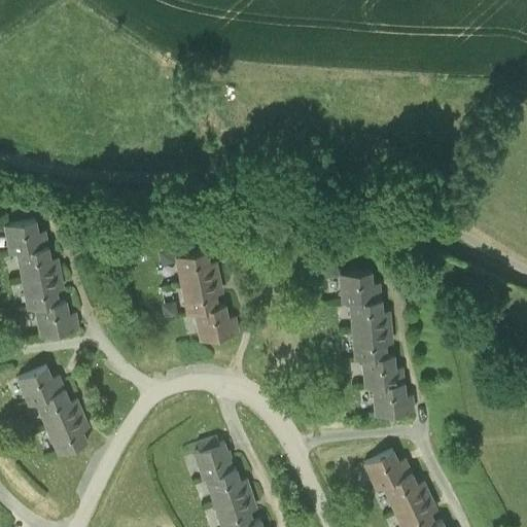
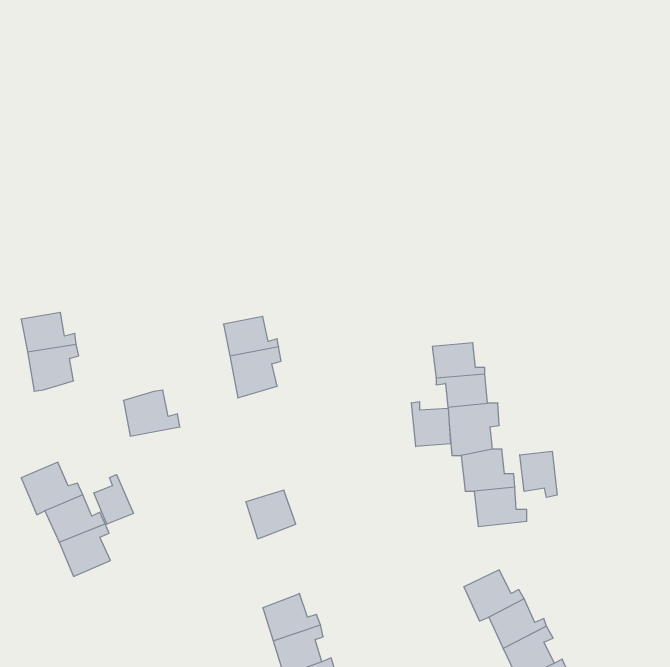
building: [5,220,48,255] -> none
building: [35,301,79,337] -> [123,390,180,436]
building: [195,305,239,341] -> none
building: none -> [412,402,451,447]
building: none -> [520,451,557,497]
building: none -> [94,475,133,524]
building: [195,443,234,481] -> [246,490,296,539]

